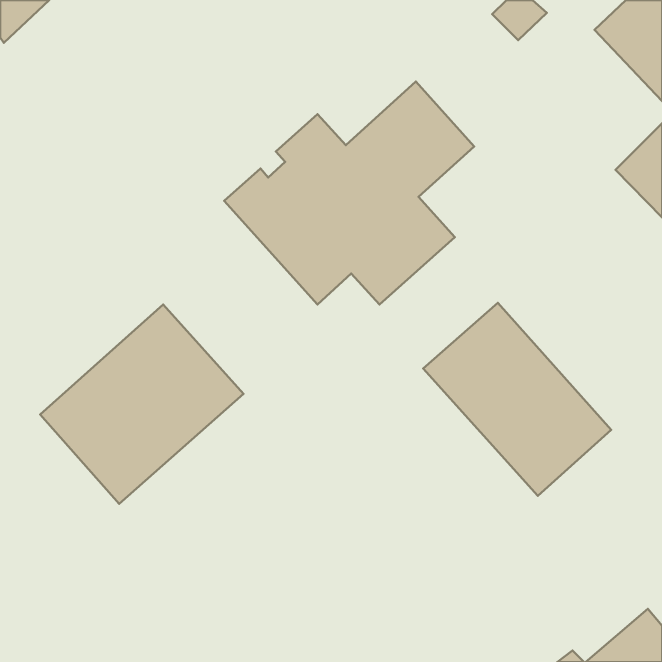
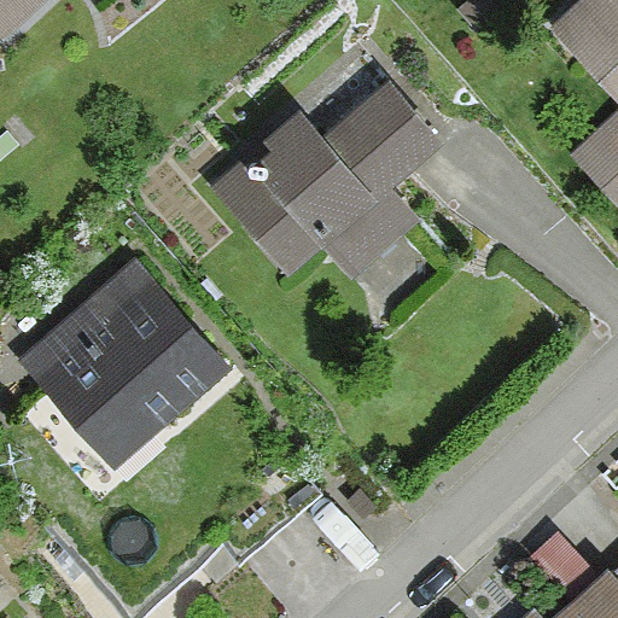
building: [423,303,611,496] -> none

